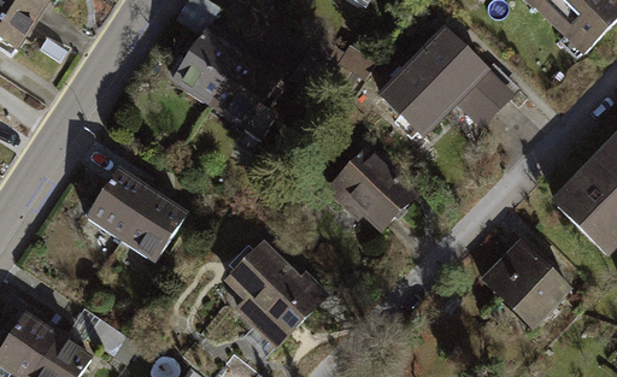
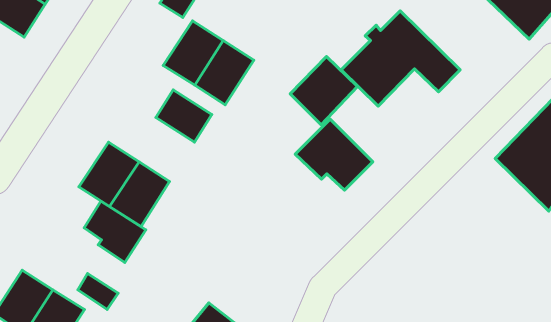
building: none -> [290,56,357,125]
building: none -> [156,90,212,142]
building: [478,231,571,324] -> none
building: none -> [84,201,146,263]
building: [225,241,325,343] -> none

